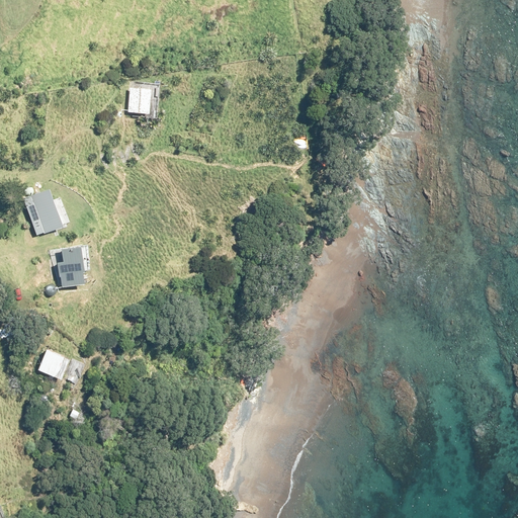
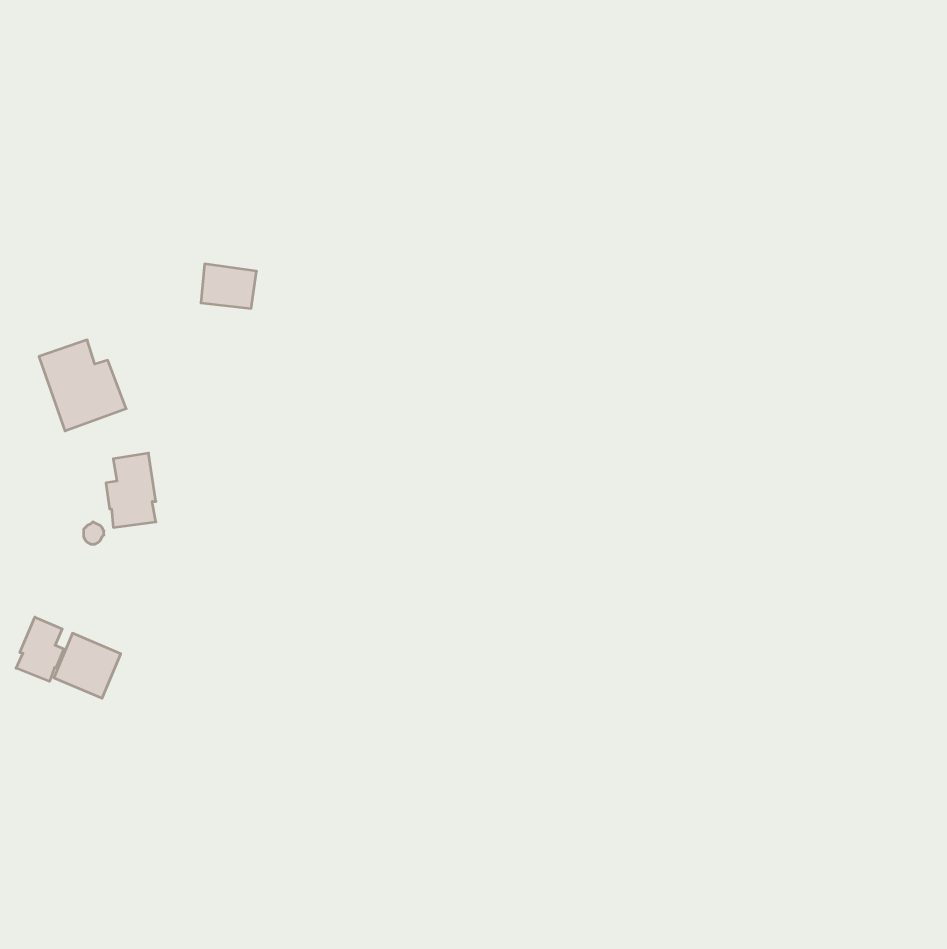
building: [127,90,158,114] -> [201,264,257,308]
building: none -> [16,617,64,681]

